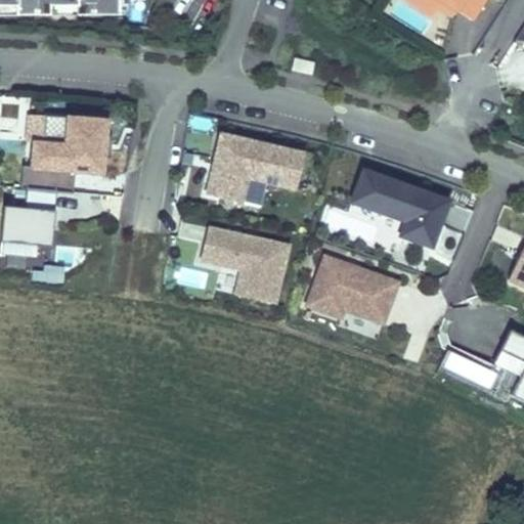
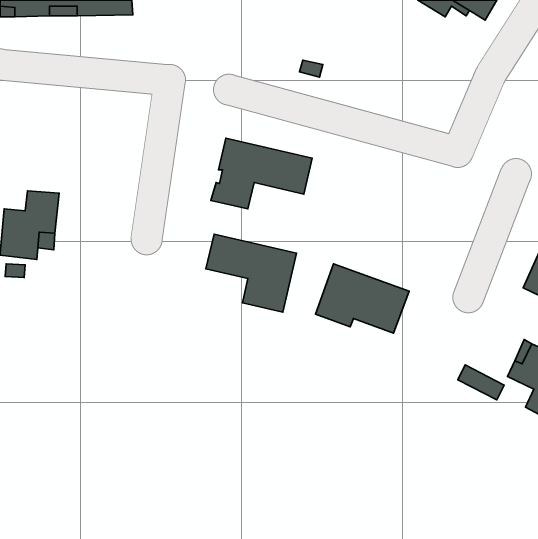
building: [21,110,110,187] -> none
building: [353,165,450,242] -> none

